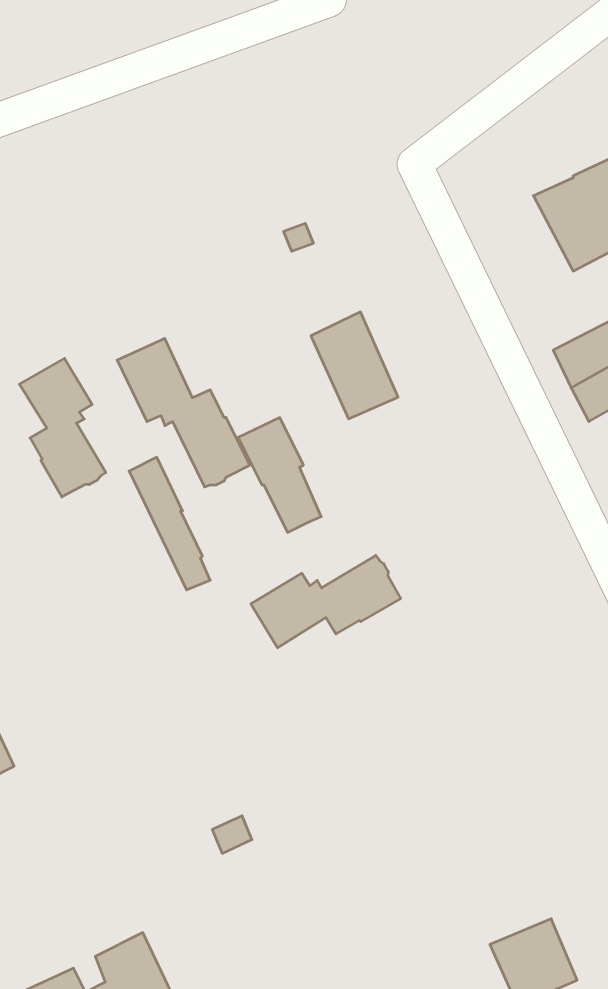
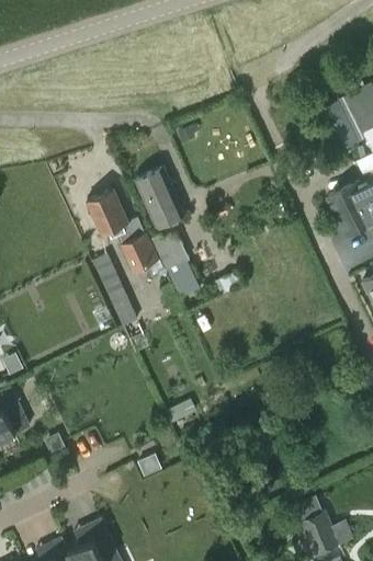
building: [311,312,398,419] -> [135,168,183,227]
building: [19,358,106,497] -> none
building: [251,555,401,648] -> none

